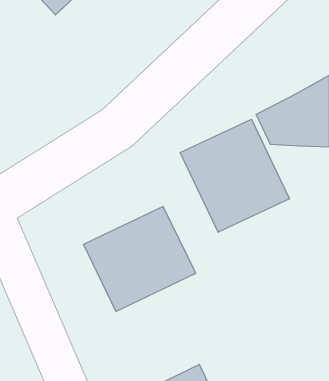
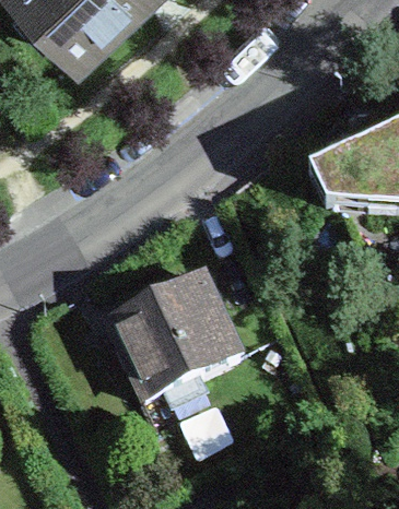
building: [180,119,289,232] -> none

